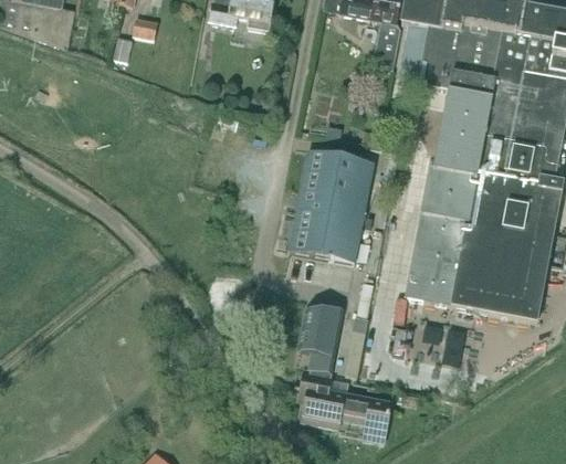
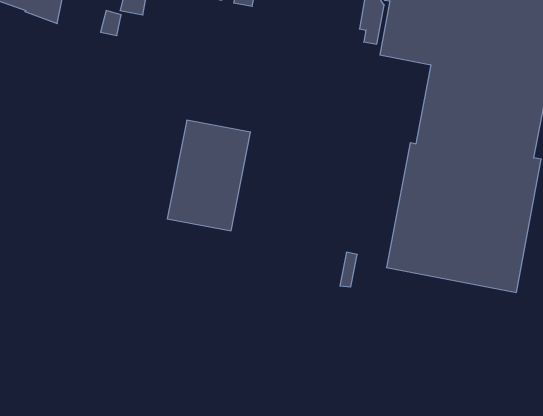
building: [290,148,375,261] -> [167,120,251,231]
building: [300,307,390,441] -> none

